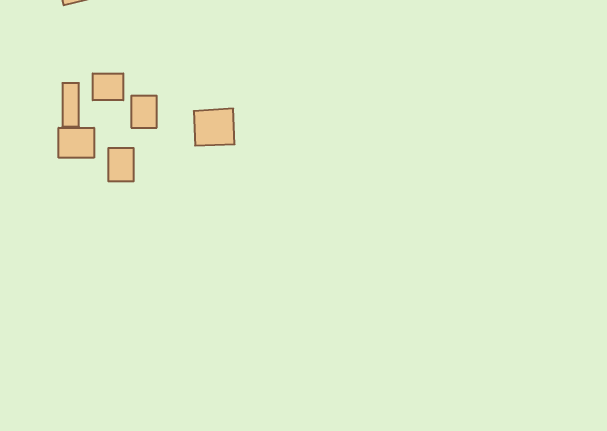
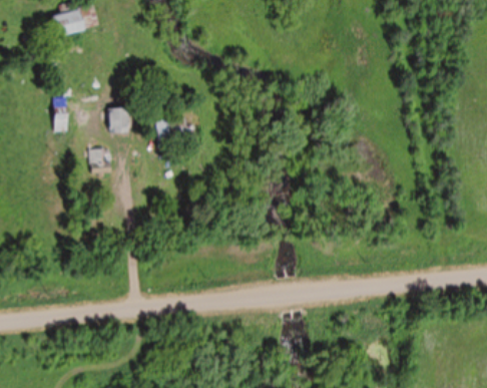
building: [93,73,123,100] -> none
building: [59,128,94,158] -> none

